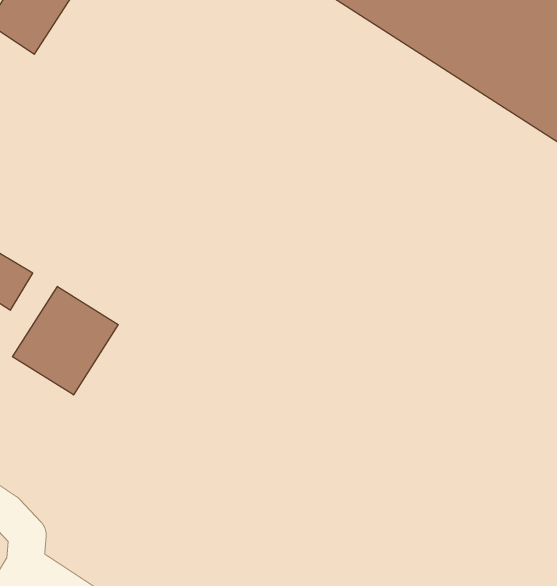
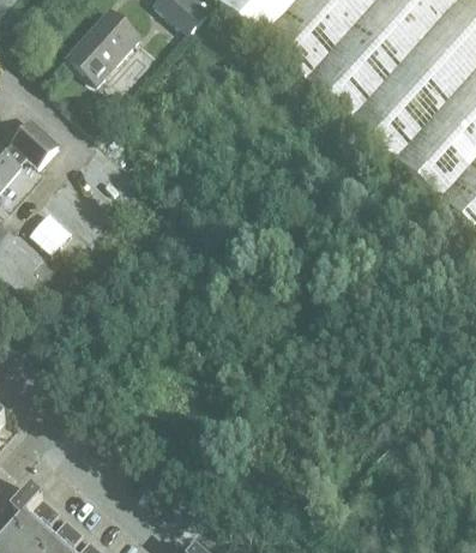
building: [13,286,118,395] -> none

